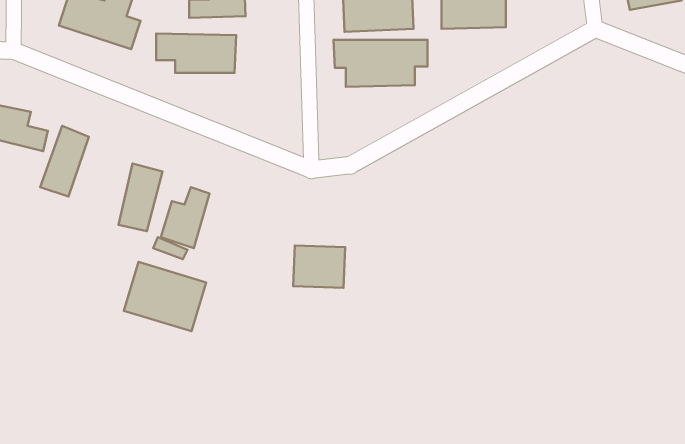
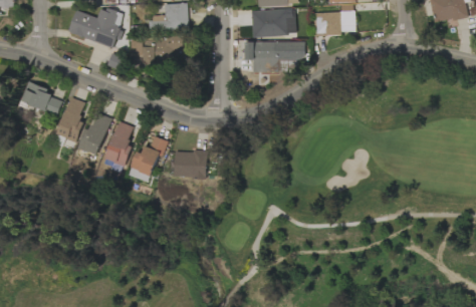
building: none -> [79,112,111,156]
building: [293,246,345,288] -> [174,150,207,178]
building: [124,262,206,331] -> none

